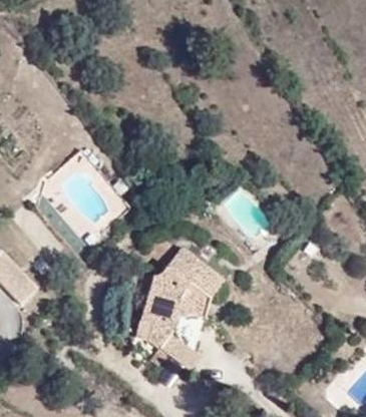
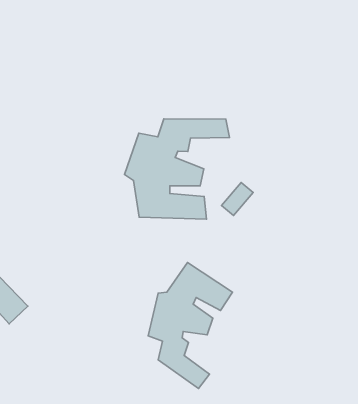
building: none -> [125,119,230,219]

